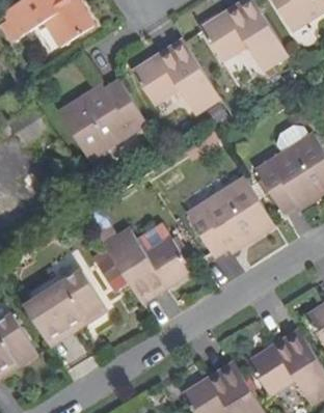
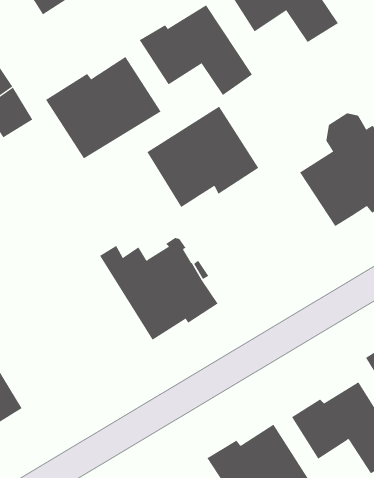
building: [186,177,274,257] -> [147,106,259,208]
building: [24,272,105,341] -> none

